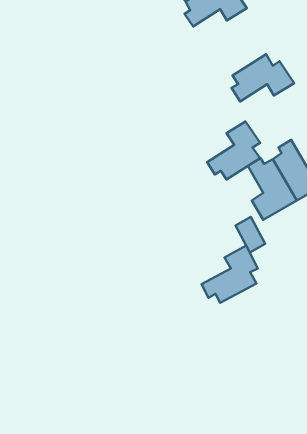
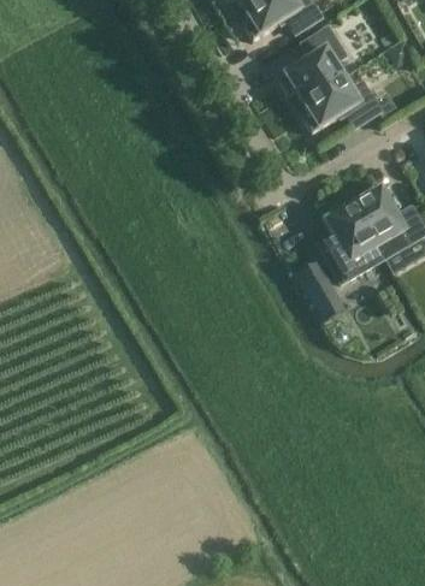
building: [207,122,260,179] -> [279,28,346,100]
building: [201,246,258,303] -> none

